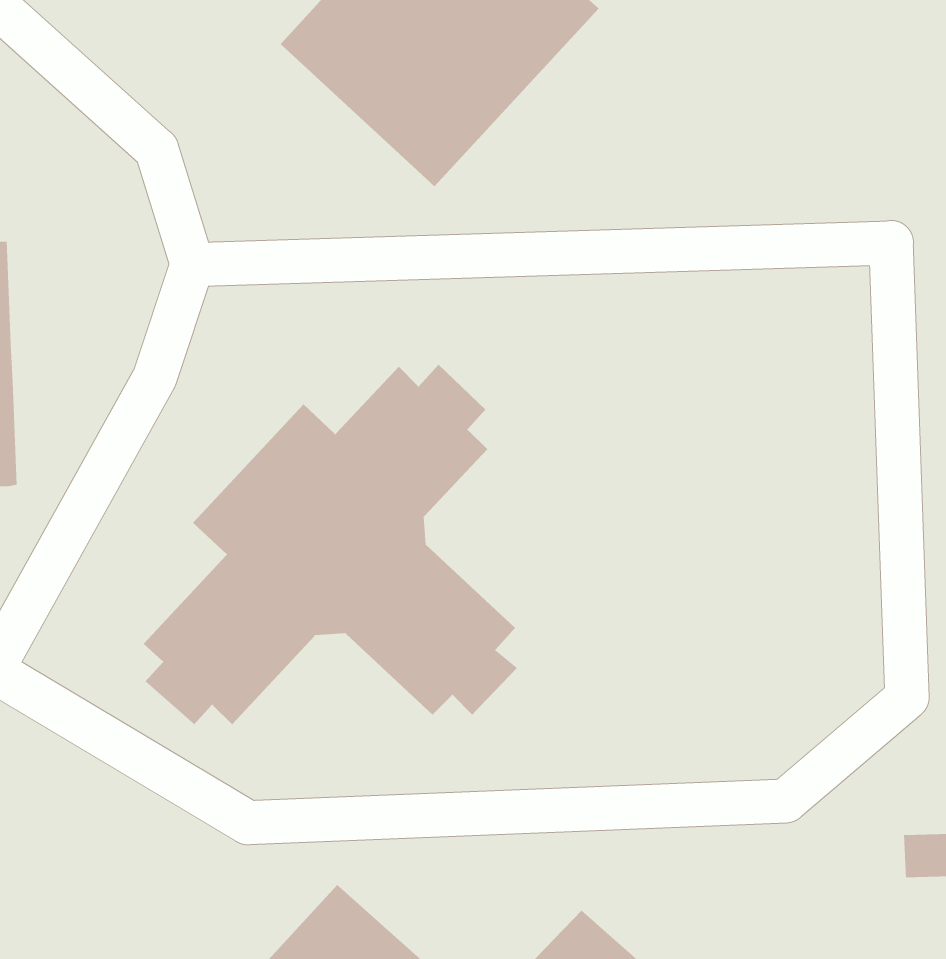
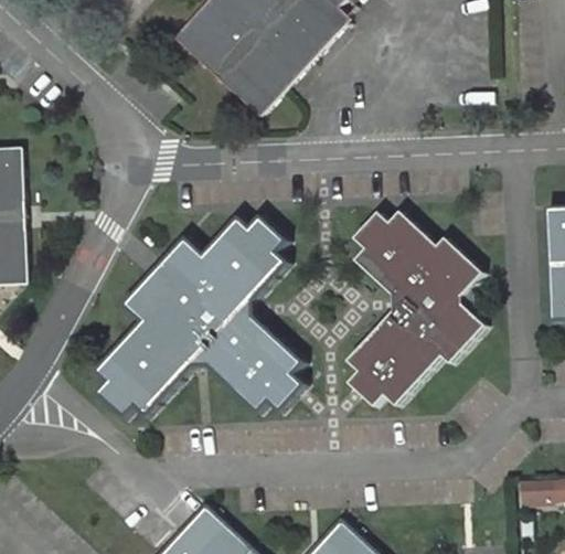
building: none -> [343,213,483,404]

